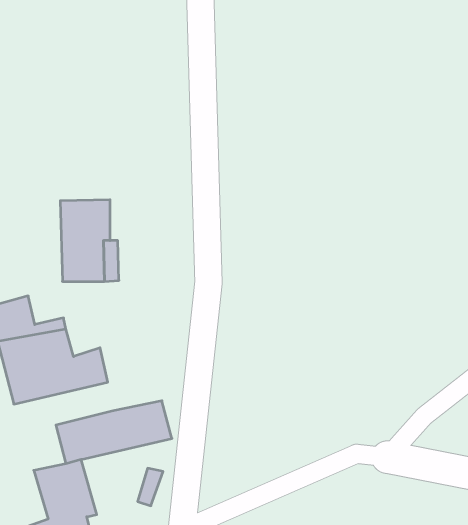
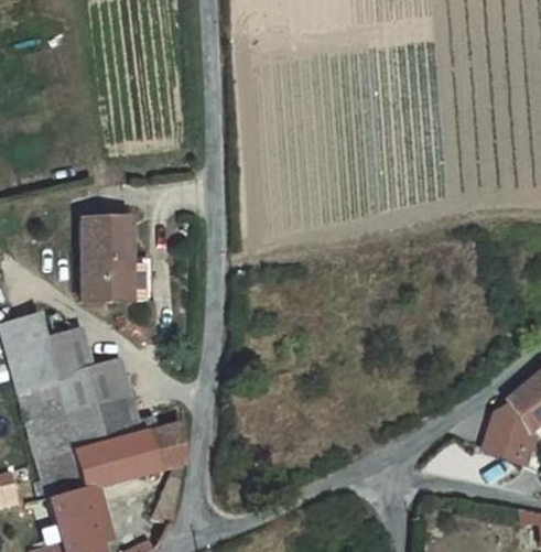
building: none -> [32,402,131,491]

